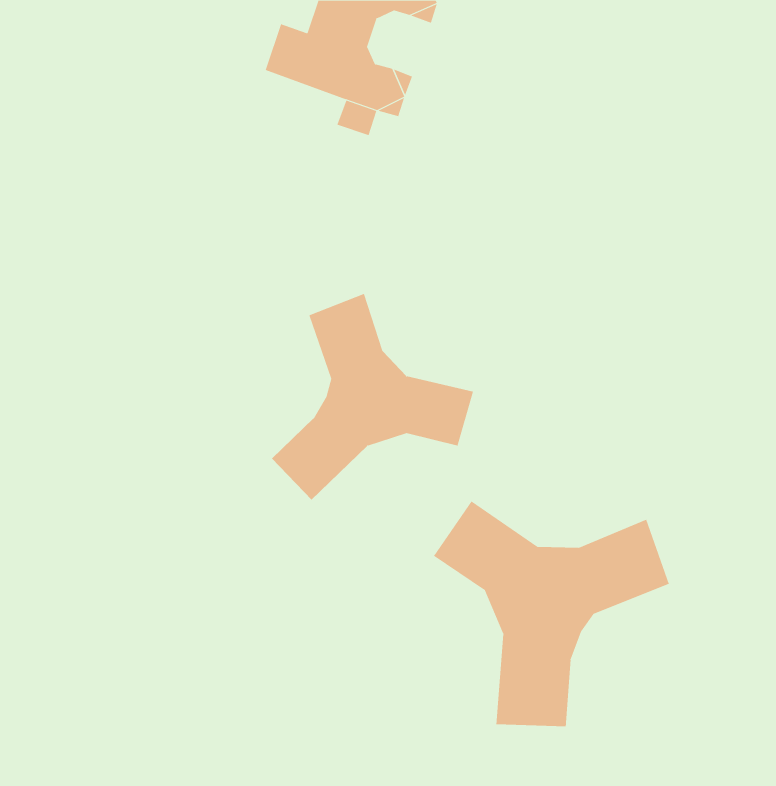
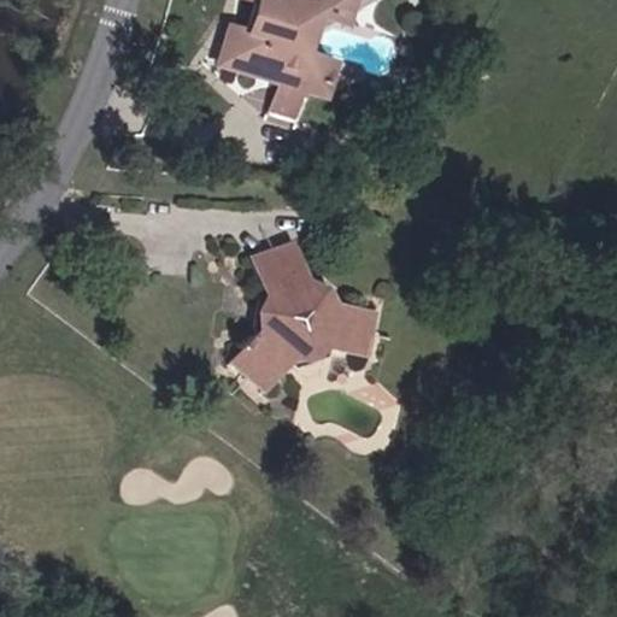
building: [433,500,670,727] -> none

